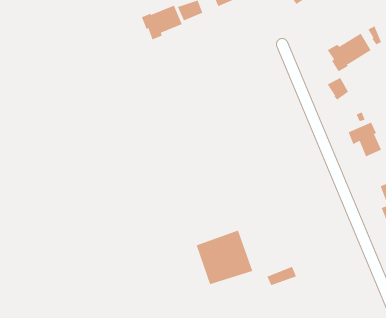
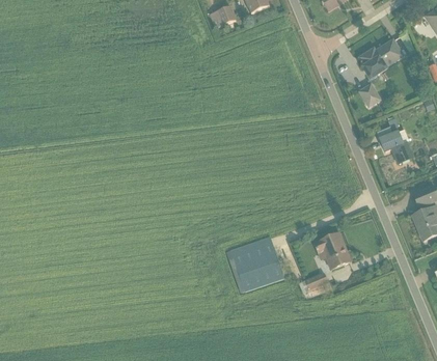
building: [141,5,183,40] -> none
building: none -> [312,232,349,270]

